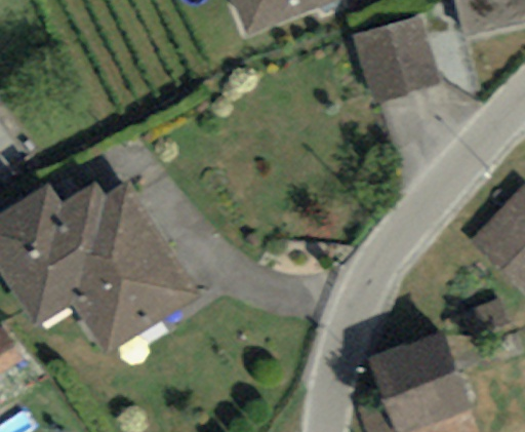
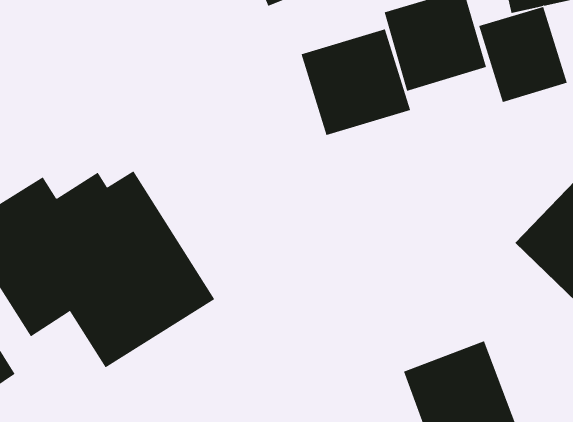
building: none -> [479,6,567,103]
building: none -> [301,28,411,136]

